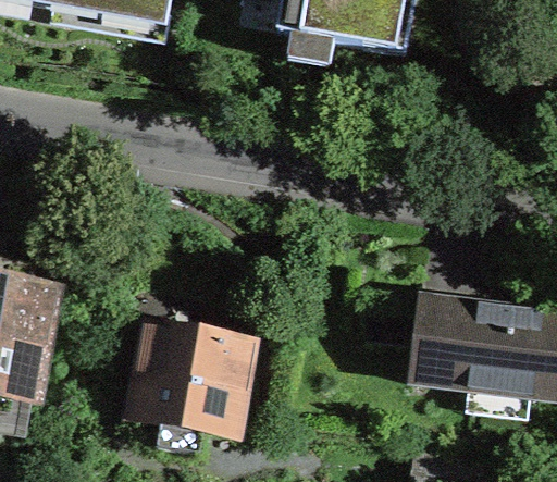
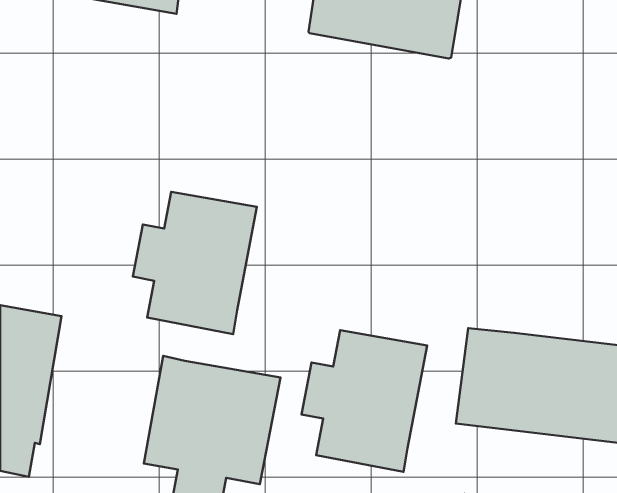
building: none -> [133,192,257,334]
building: none -> [301,330,427,472]

